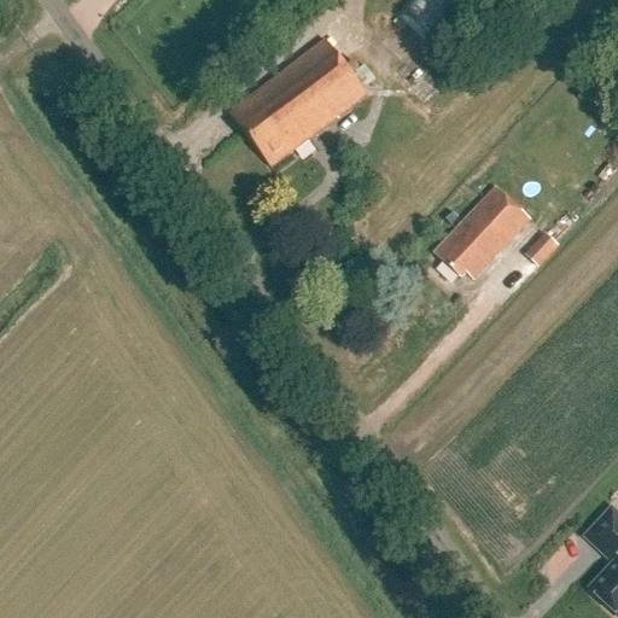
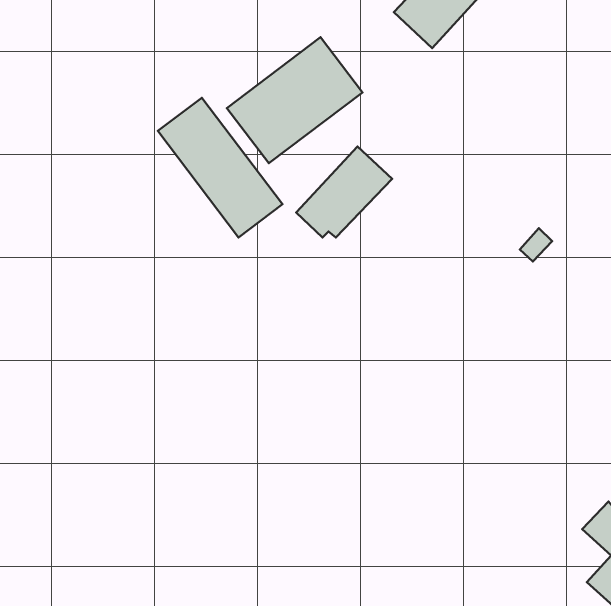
building: none -> [158,98,283,237]
building: [433,183,530,275] -> [296,146,392,238]

